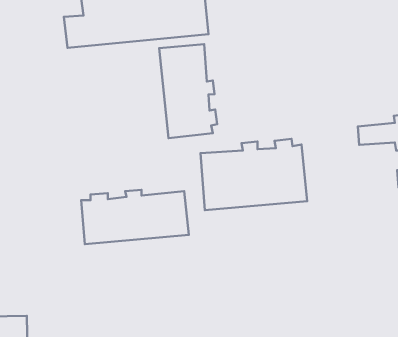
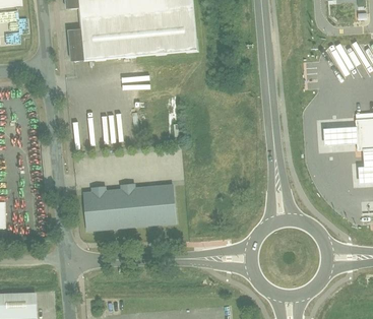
building: [159,44,217,138] -> none
building: [201,139,307,210] -> none

